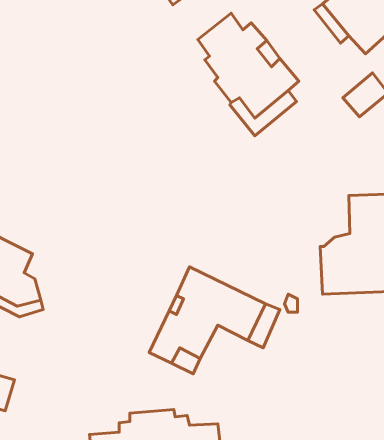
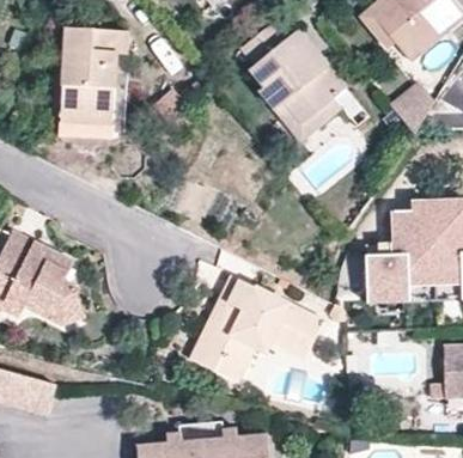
building: none -> [60,28,127,139]

